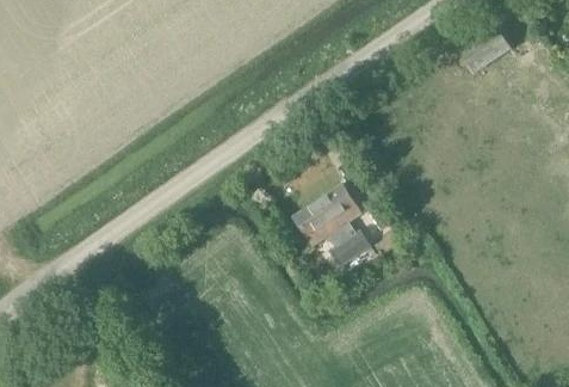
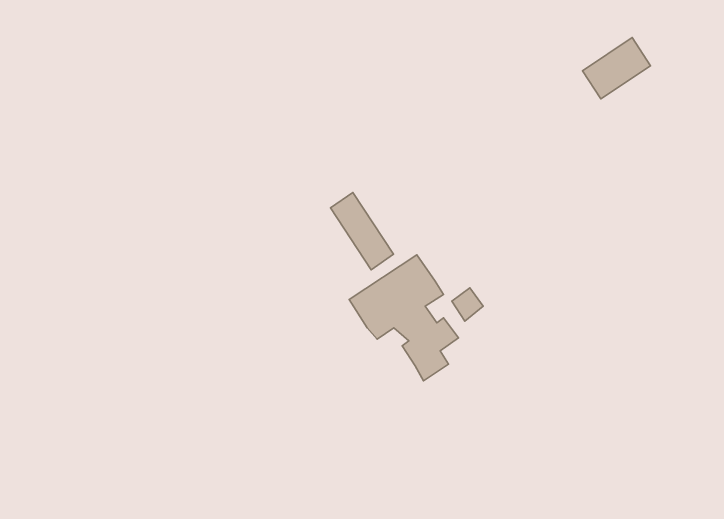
building: none -> [330,193,393,270]

